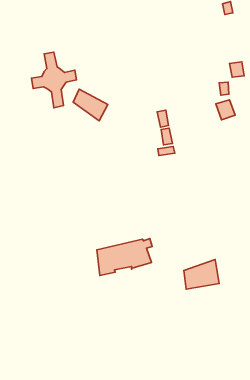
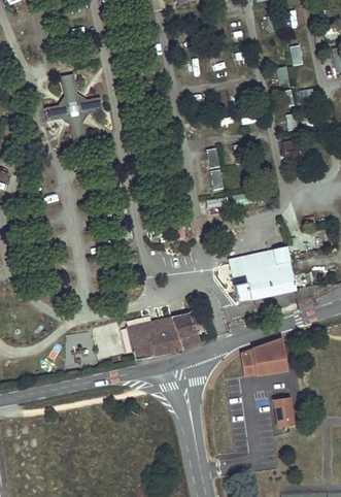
building: [73,89,108,121] -> none
building: none -> [227,246,296,302]
building: none -> [274,399,293,427]

